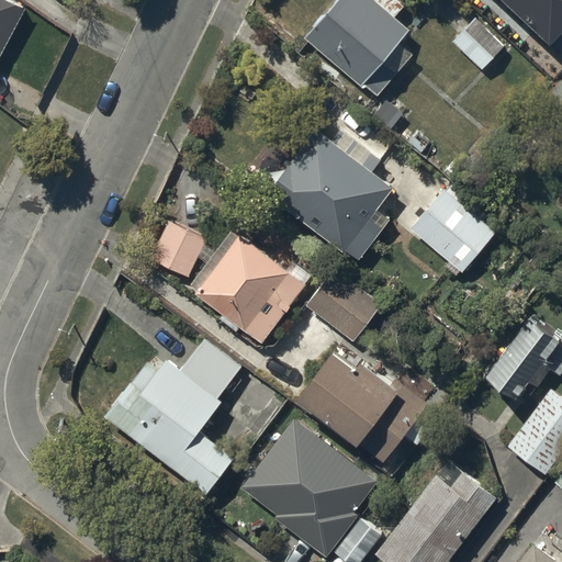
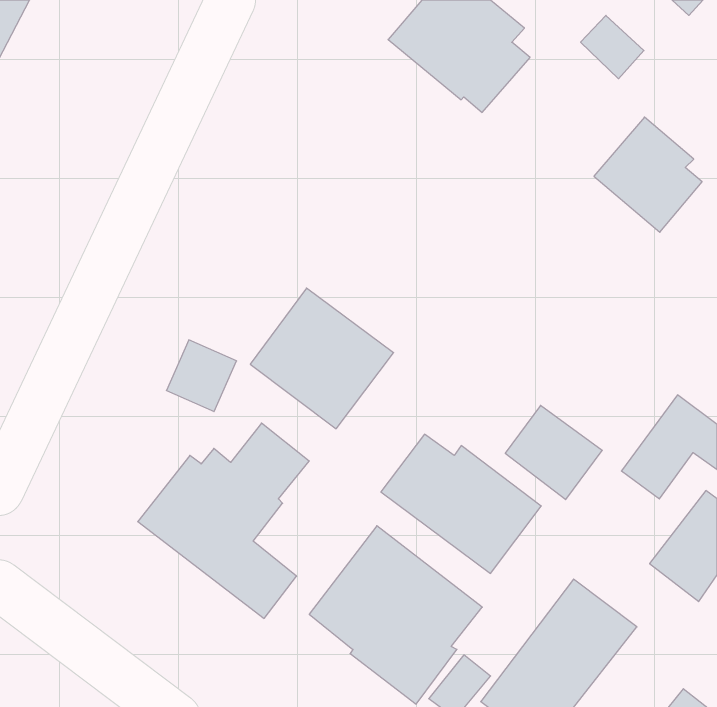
building: [265,127,392,260] -> none
building: [411,186,495,276] -> [594,117,702,232]
building: [151,223,206,279] -> [166,340,237,412]
building: [305,270,381,344] -> [505,405,602,500]

